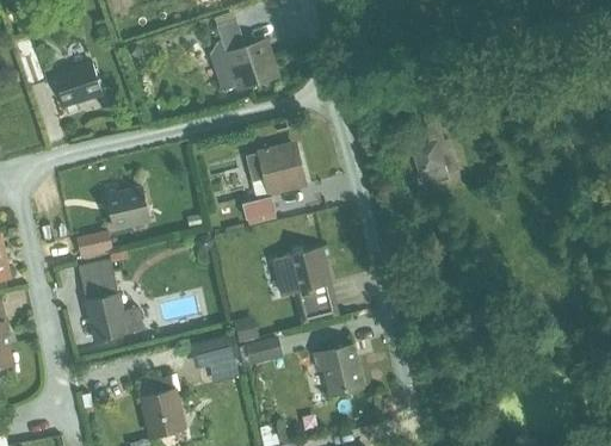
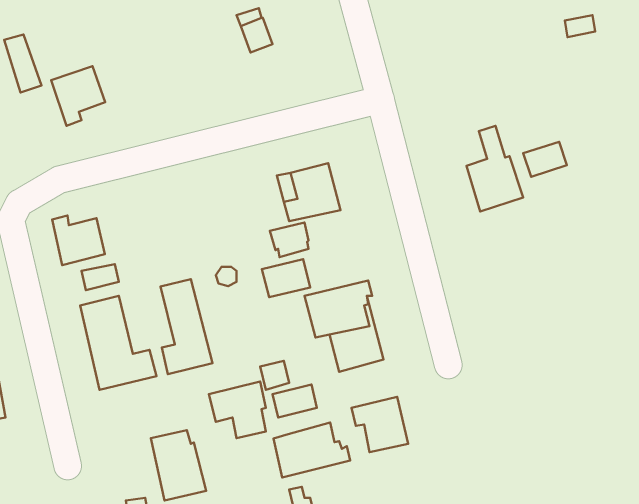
building: [209,41,276,89] -> none
building: none -> [523,142,567,177]
building: [104,185,149,228] -> [52,215,105,265]
building: none -> [262,259,310,297]
building: none -> [160,279,212,374]
building: none -> [273,423,350,478]

